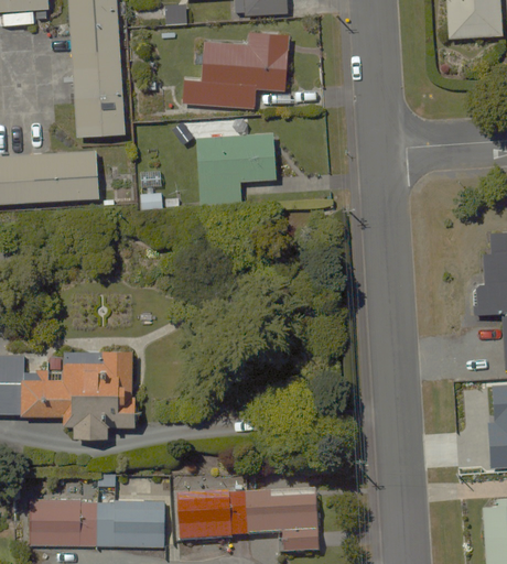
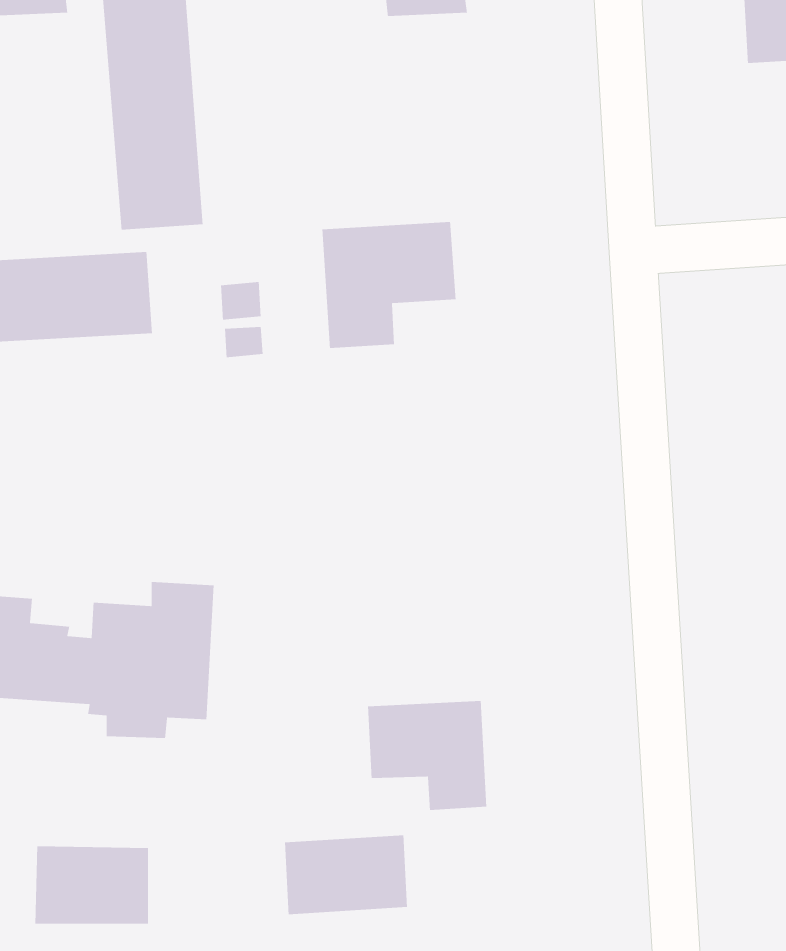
building: [195,33,287,110] -> none
building: [246,489,316,554] -> [367,700,487,811]
building: [96,500,165,546] -> none

